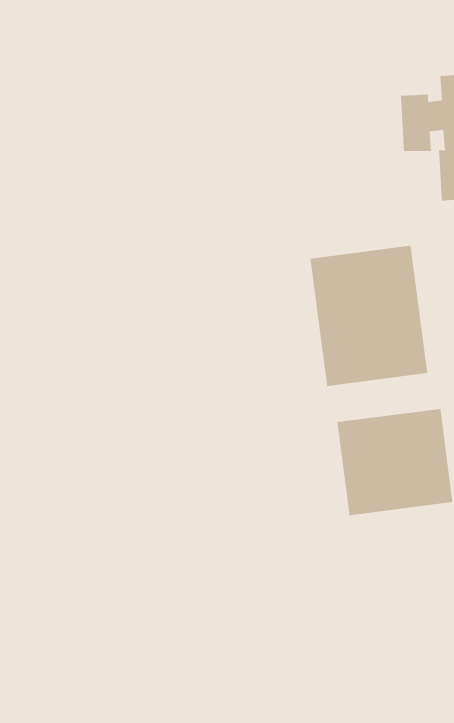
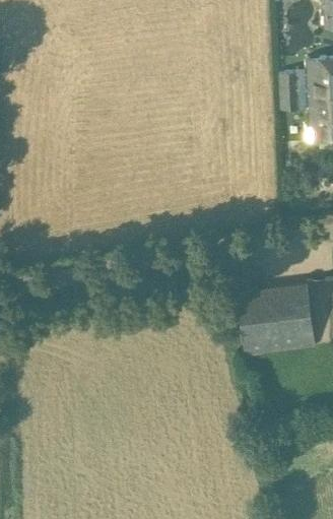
building: [310,245,428,387] -> none

